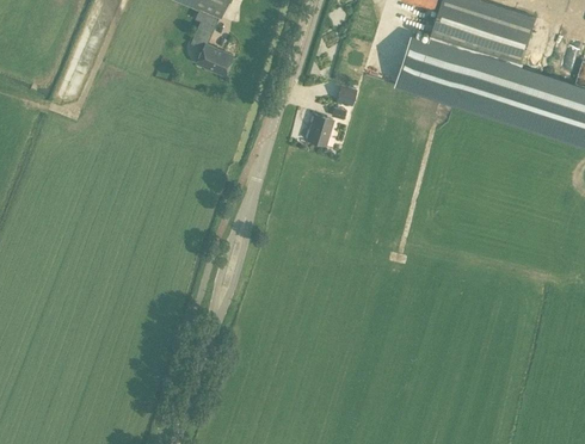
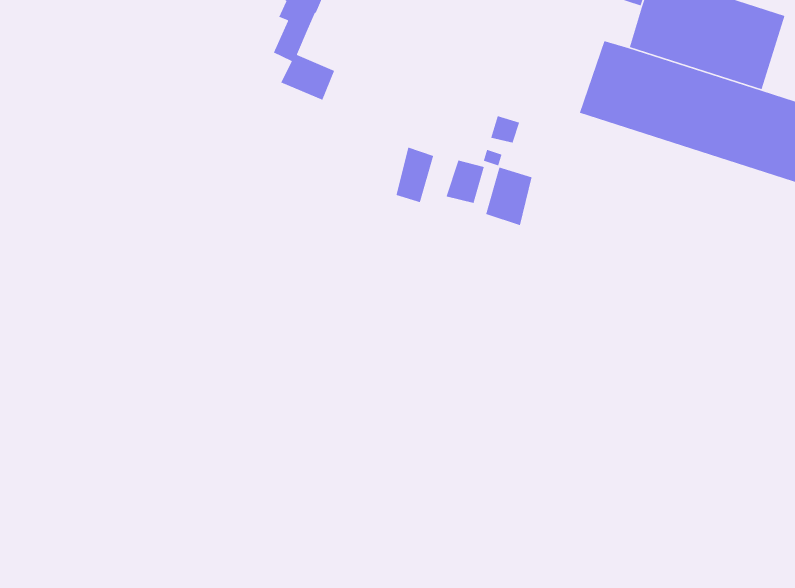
building: none -> [395,147,434,203]
building: none -> [485,167,532,226]

